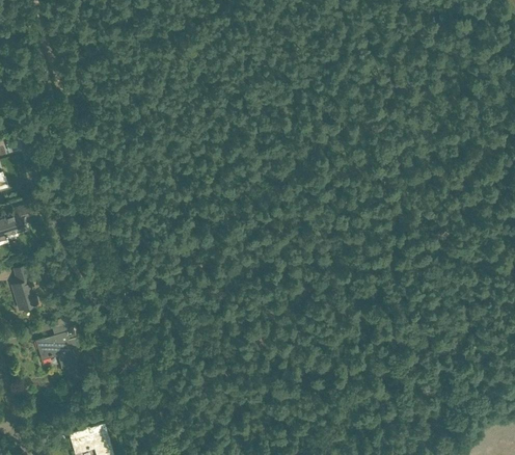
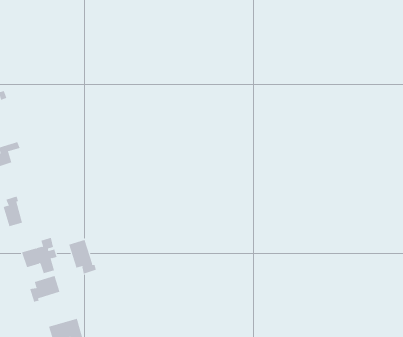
building: none -> [69,239,97,274]
building: none -> [29,275,60,302]

